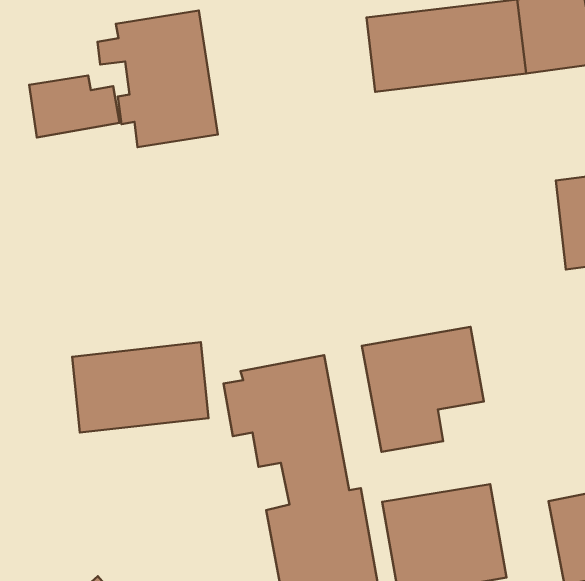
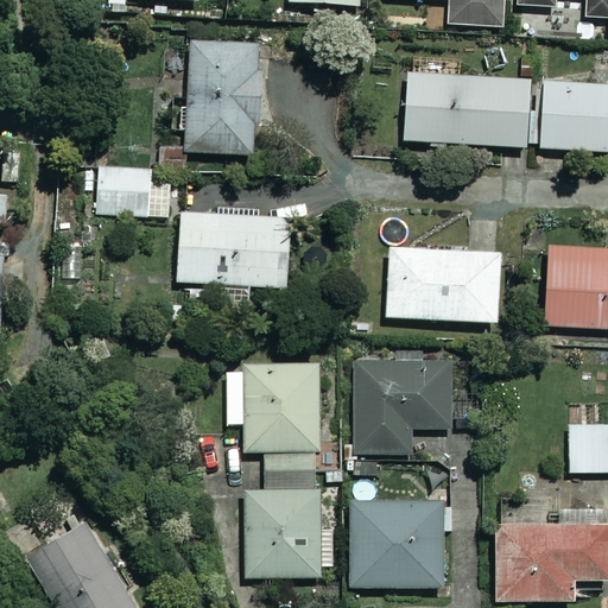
building: [29,76,120,137] -> [97,167,172,215]
building: none -> [384,247,504,323]
building: [72,342,209,432] -> [178,213,298,287]

